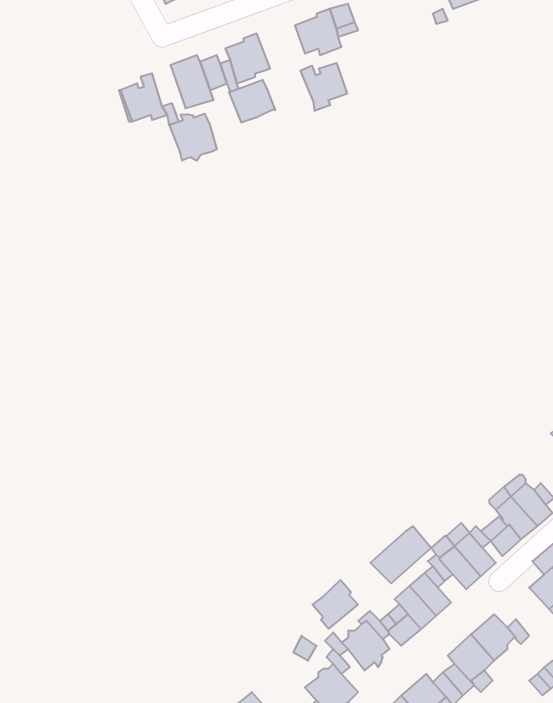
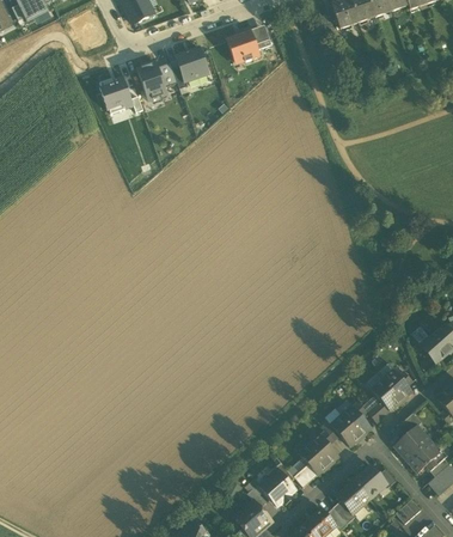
building: [301,63,347,111] -> none
building: [229,80,275,123] -> none
building: [170,114,217,161] -> none
building: [370,526,431,583] -> none
building: [312,580,358,629] -> none

